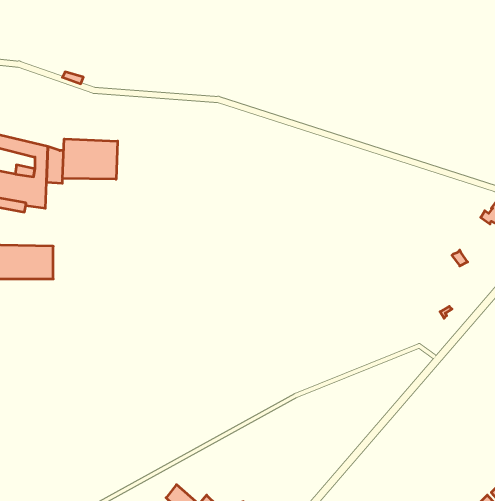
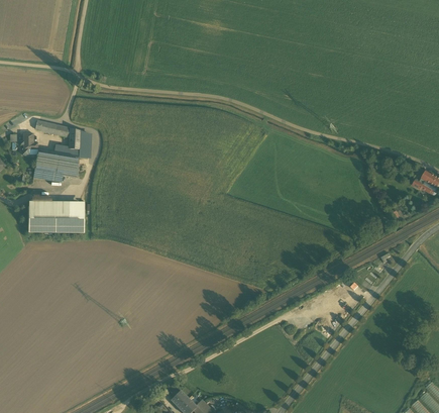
building: [63,139,118,179] -> none

